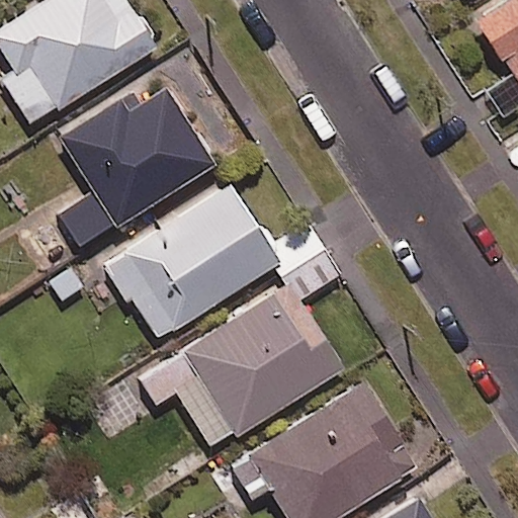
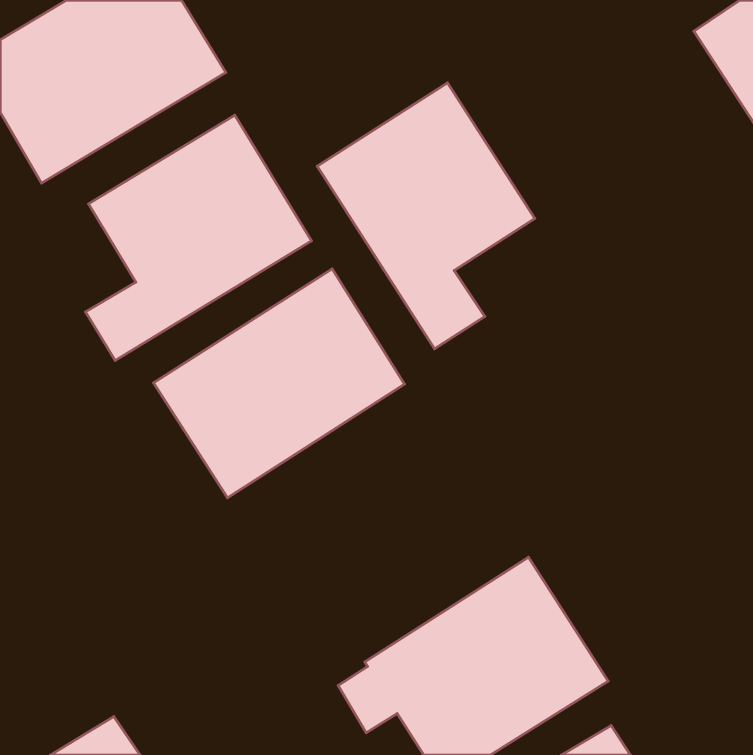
building: none -> [317,83,535,349]
building: [127,246,343,449] -> none

